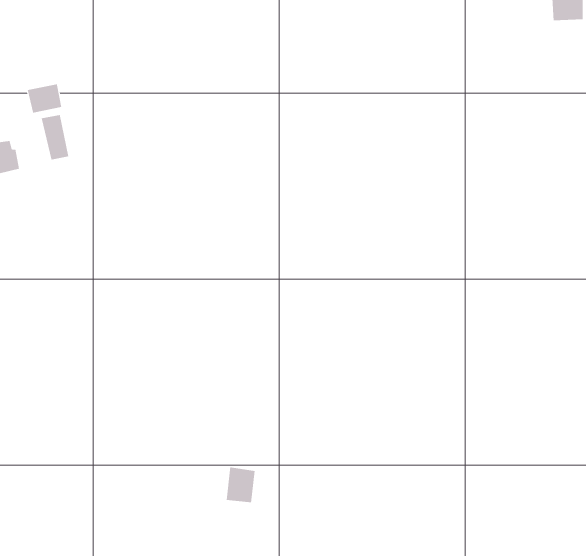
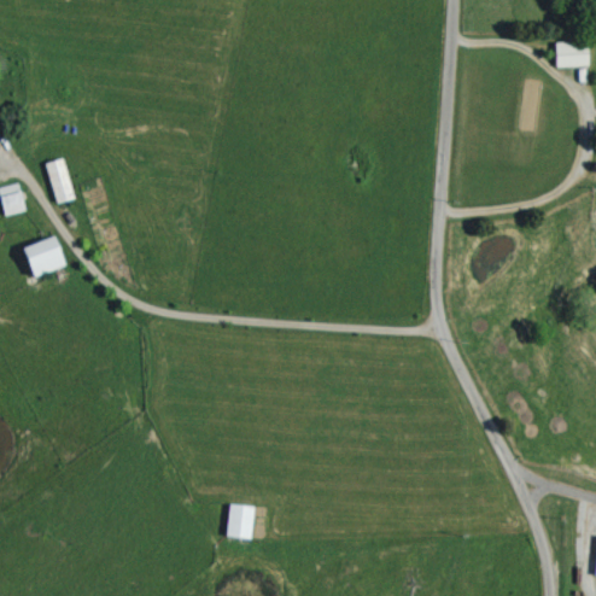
building: [27,83,62,114] -> none
building: none -> [29,236,68,274]

